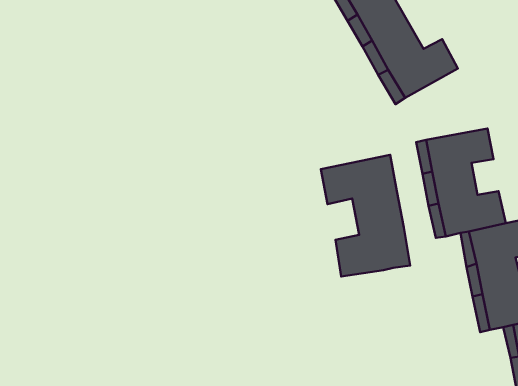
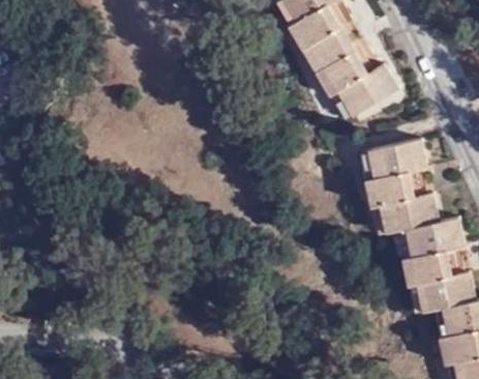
building: [321,155,410,277] -> none

